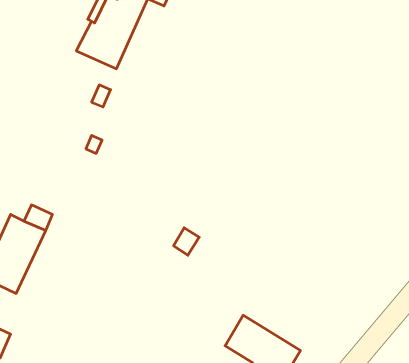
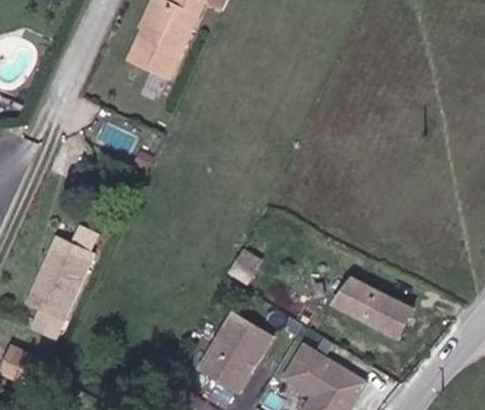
building: none -> [334,279,411,336]
building: none -> [199,312,271,391]

